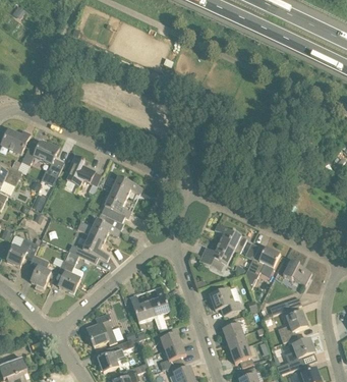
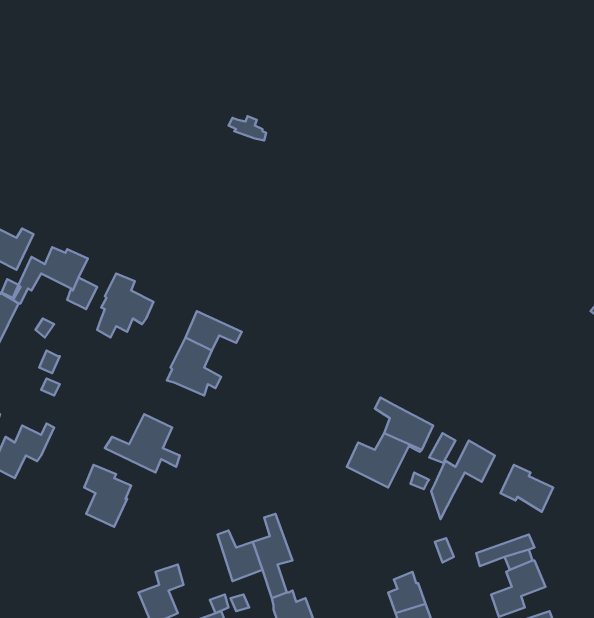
building: [77,214,123,238] -> none
building: [28,254,51,290] -> none
building: [210,287,241,314] -> none

